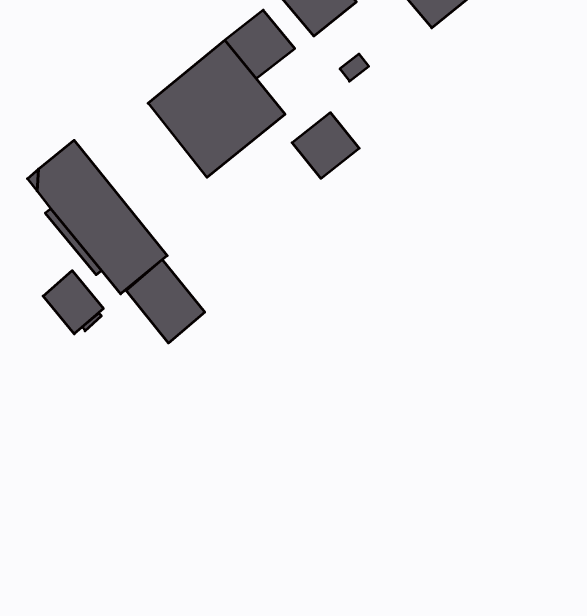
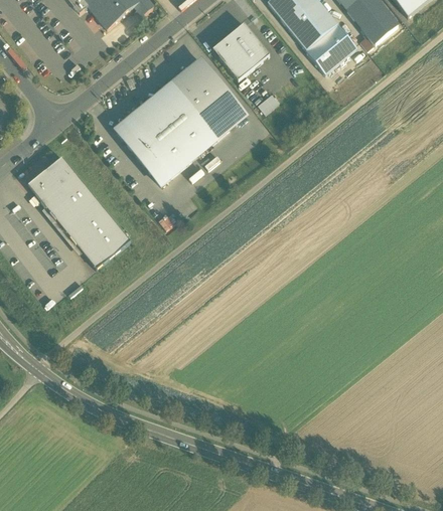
building: [292,113,359,178] -> [195,88,245,136]
building: [126,260,205,343] -> none
building: [43,271,103,334] -> none

